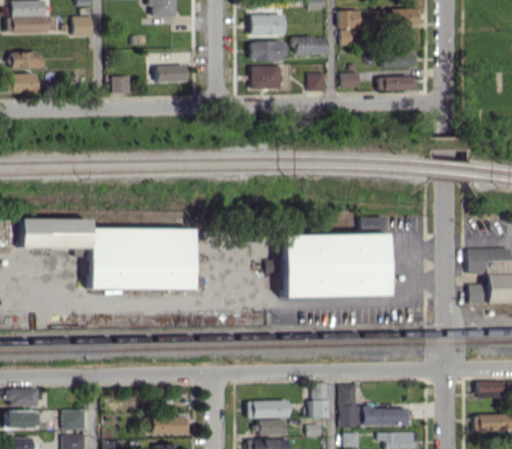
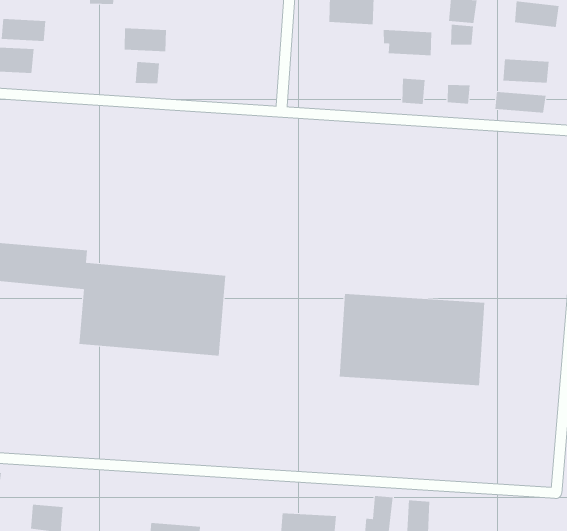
building: [250,41,287,61] -> none
building: [156,65,188,82] -> [124,28,167,52]
building: [252,66,281,89] -> none

